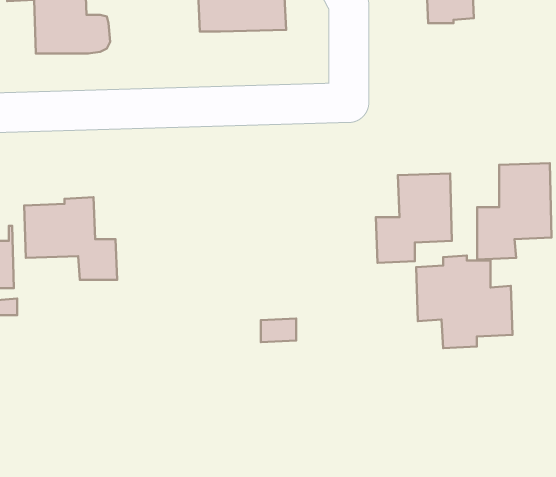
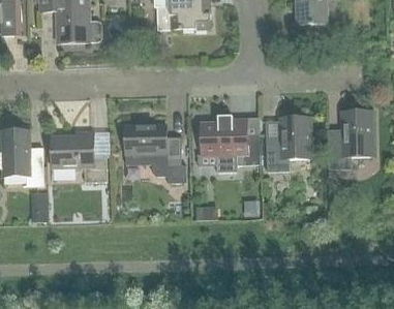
building: none -> [125,124,187,182]
building: [416,255,512,348] -> [201,115,260,172]

